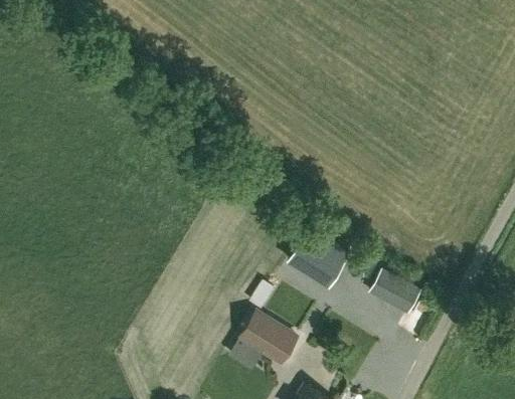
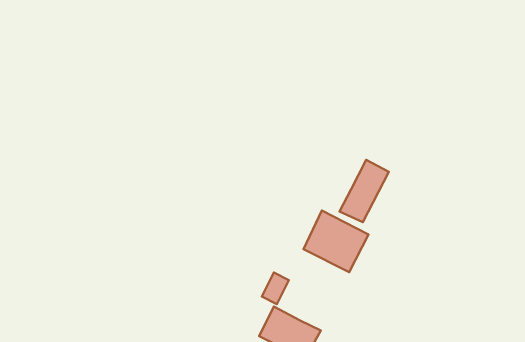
building: none -> [339,160,389,222]
building: [370,272,420,315] -> none

